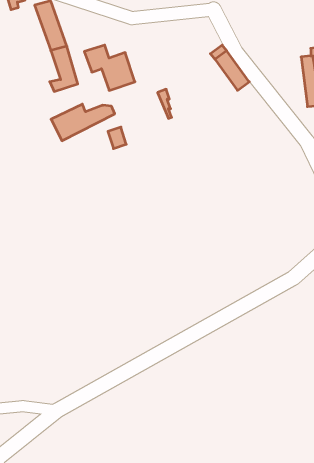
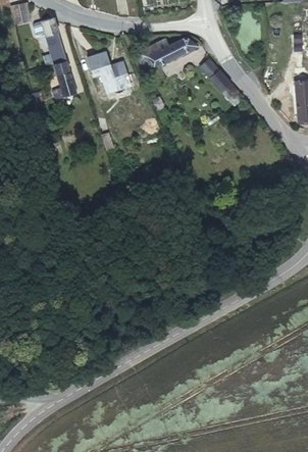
building: [51,104,115,141] -> [139,39,199,73]

